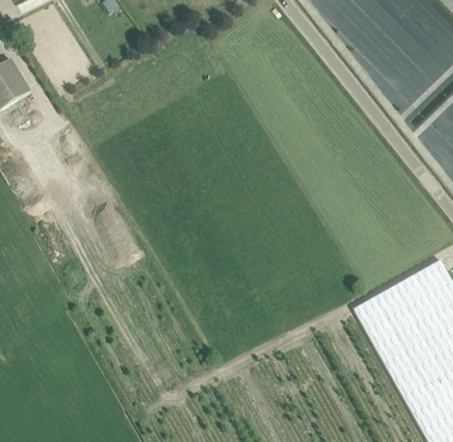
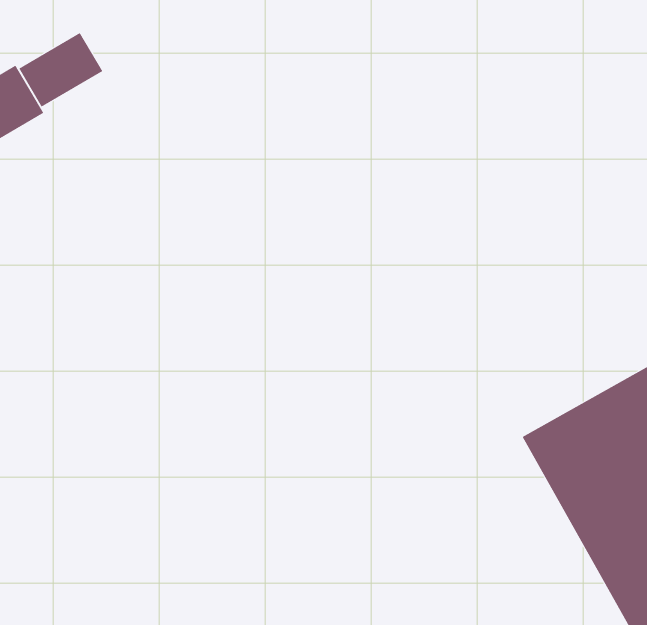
building: none -> [19,32,103,107]

